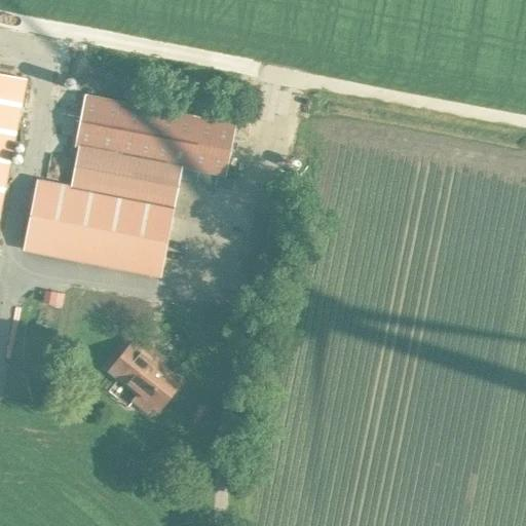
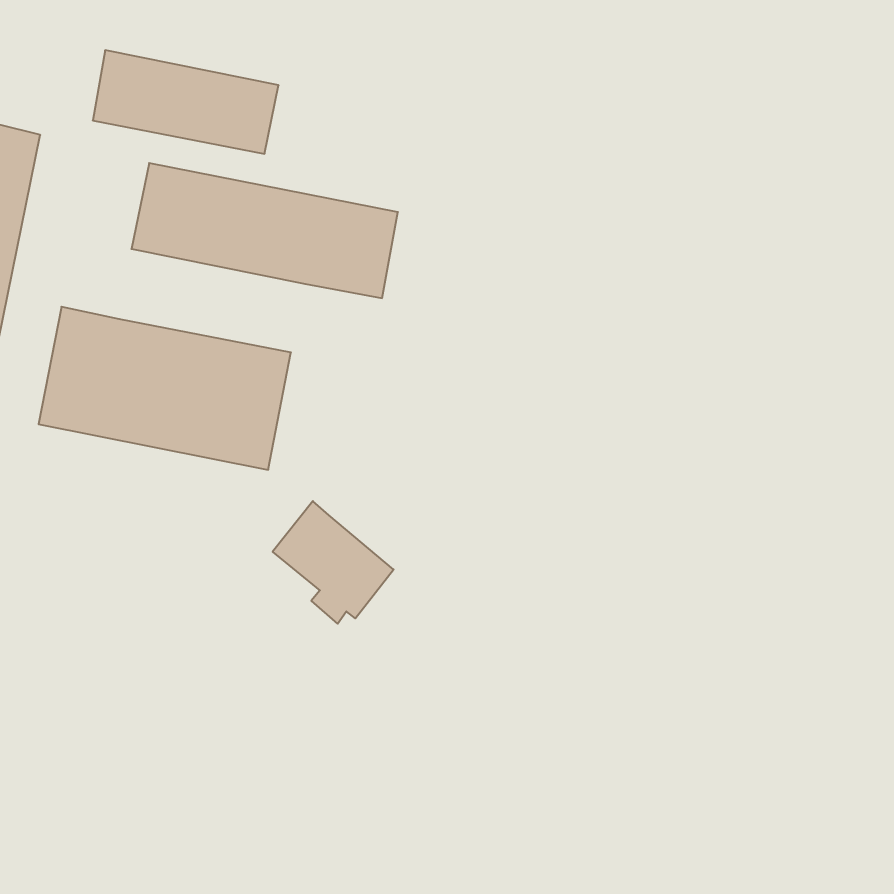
building: [70,147,179,208] -> [93,50,279,154]
building: [108,342,179,414] -> [273,501,394,624]

